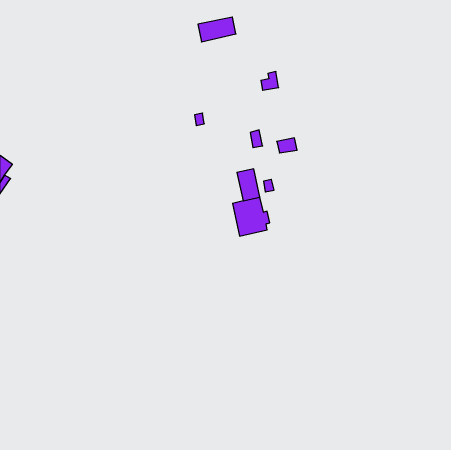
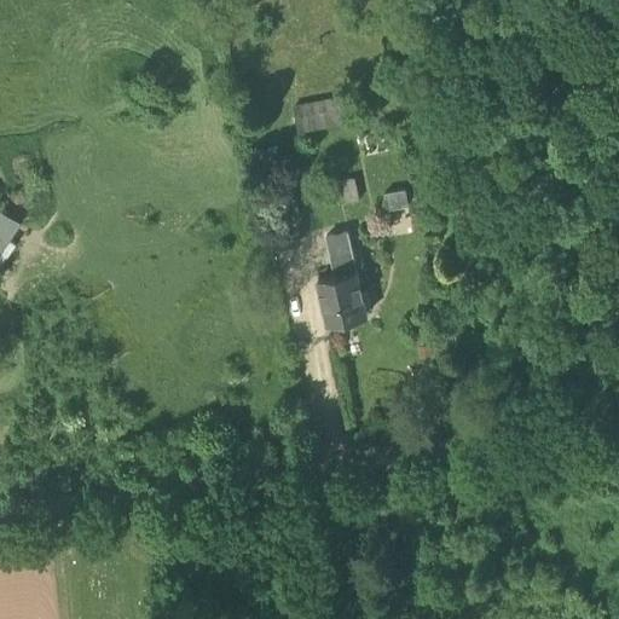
building: [198,17,236,42] -> [293,99,345,133]

